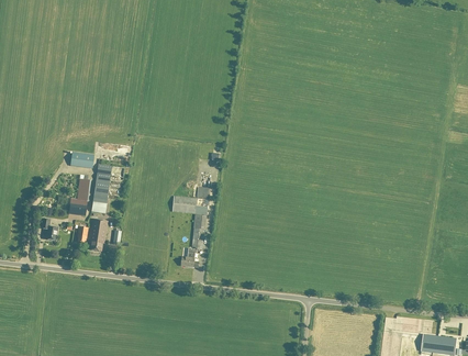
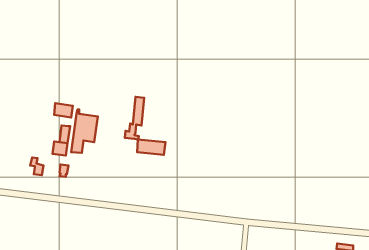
building: [181,214,205,267] -> [125,97,144,140]
building: [88,219,108,251] -> none

